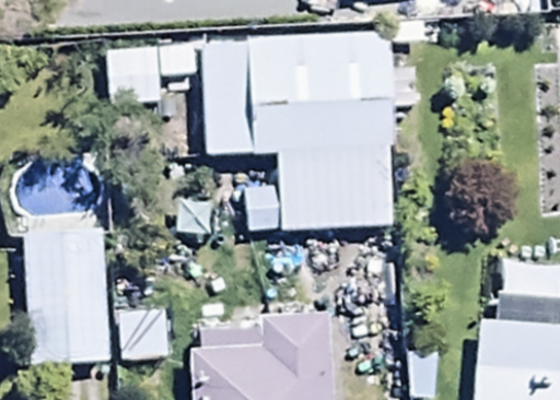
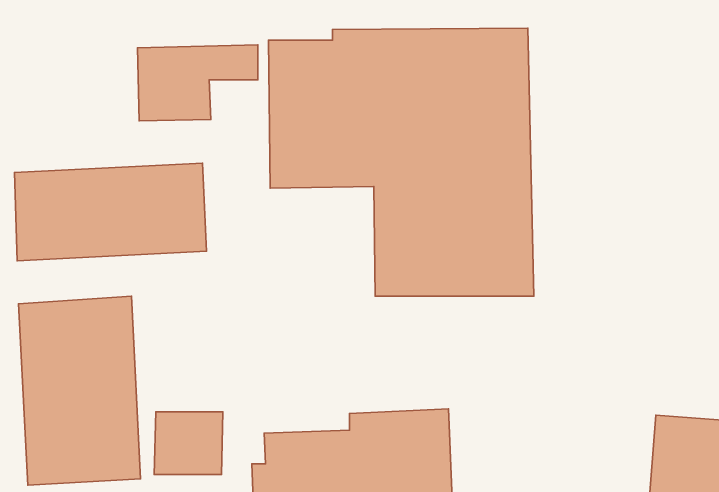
building: none -> [15,163,206,261]

